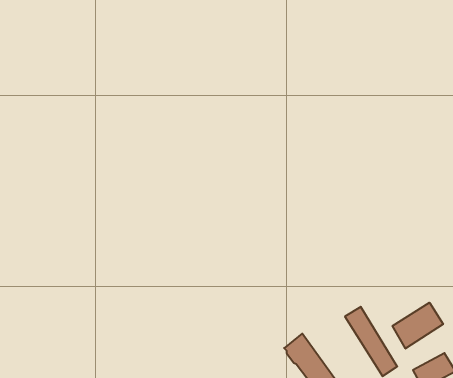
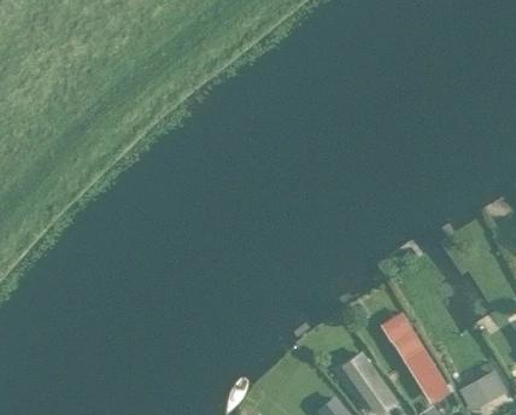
building: [393,303,443,349] -> none

